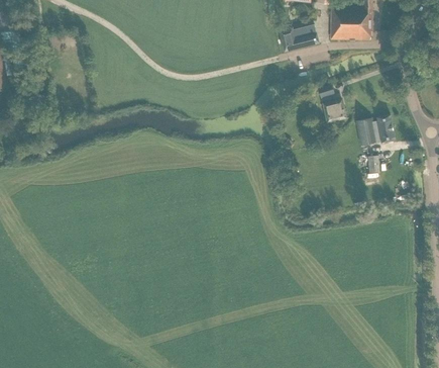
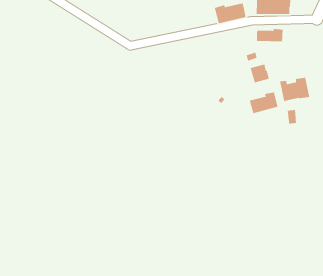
building: none -> [256,28,283,42]
building: none -> [249,92,279,114]

